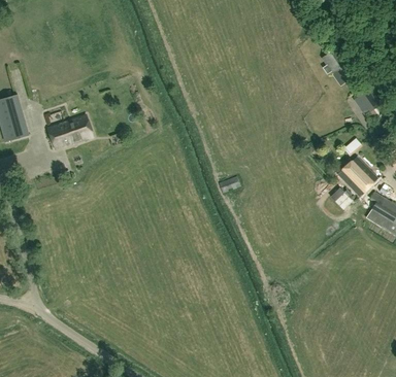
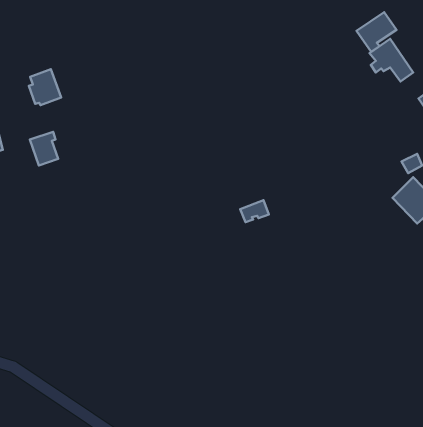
building: none -> [357,12,396,52]
building: [67,114,93,143] -> [29,69,61,105]

